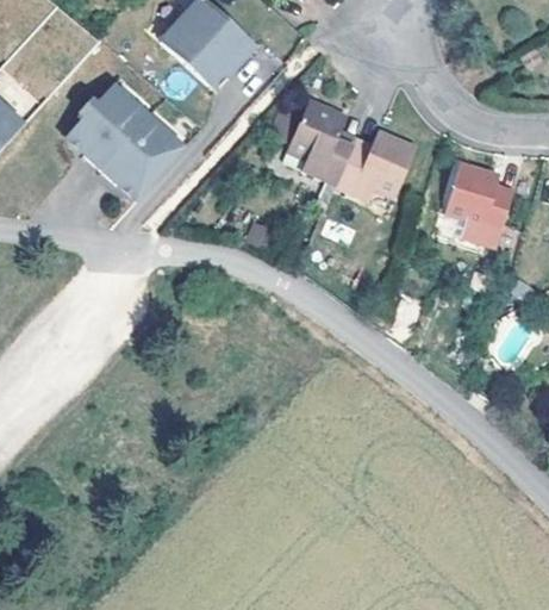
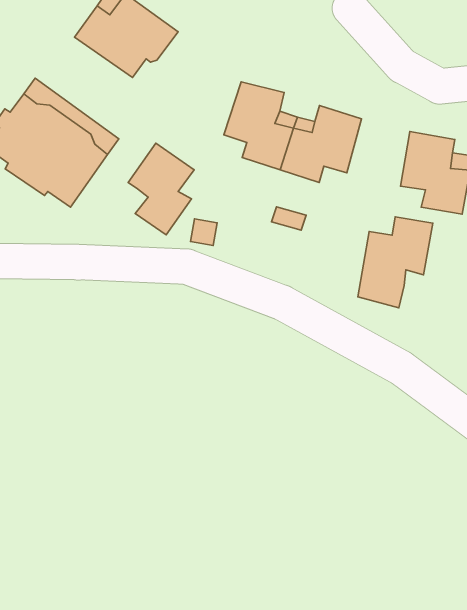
building: none -> [128,143,194,235]
building: none -> [358,217,433,308]

